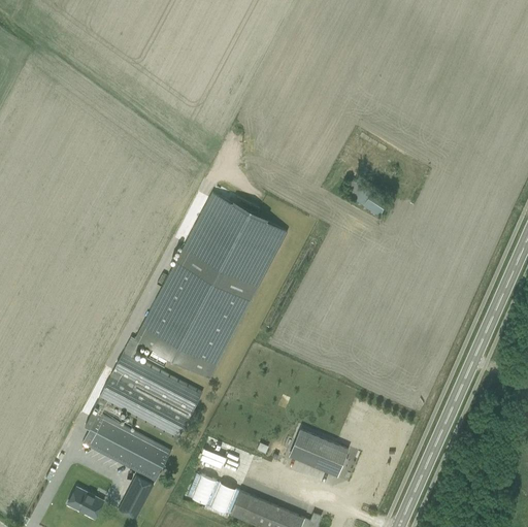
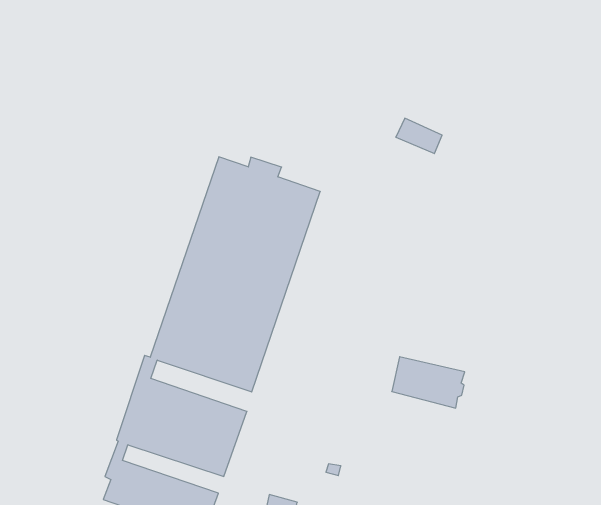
building: [289,430,348,476] -> [392,357,465,408]

